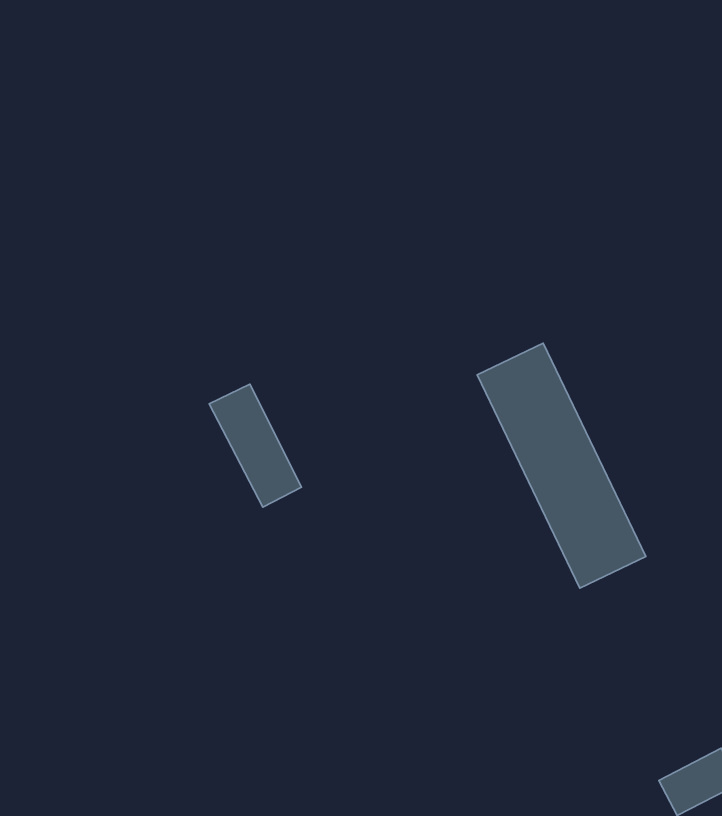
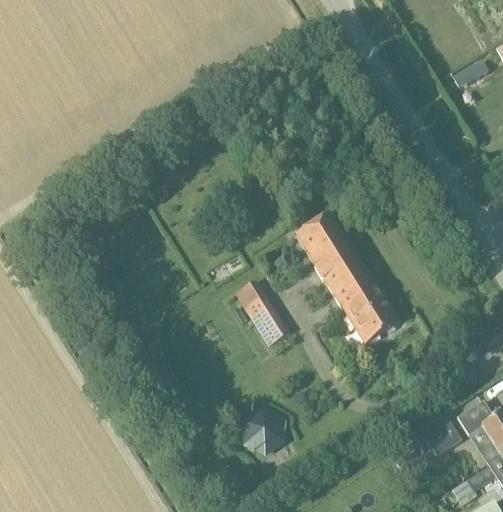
building: [209,384,302,507] -> [234,279,289,345]
building: none -> [241,405,287,456]

